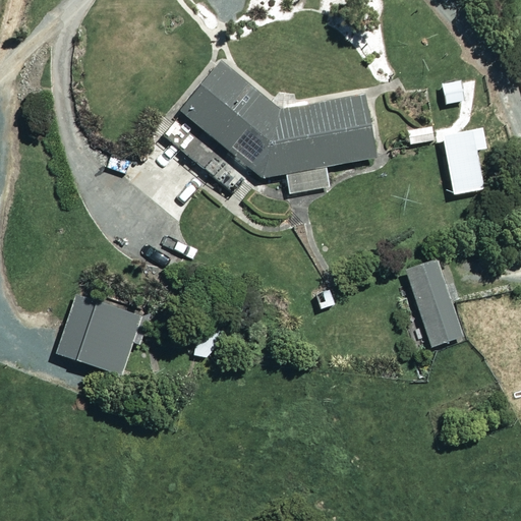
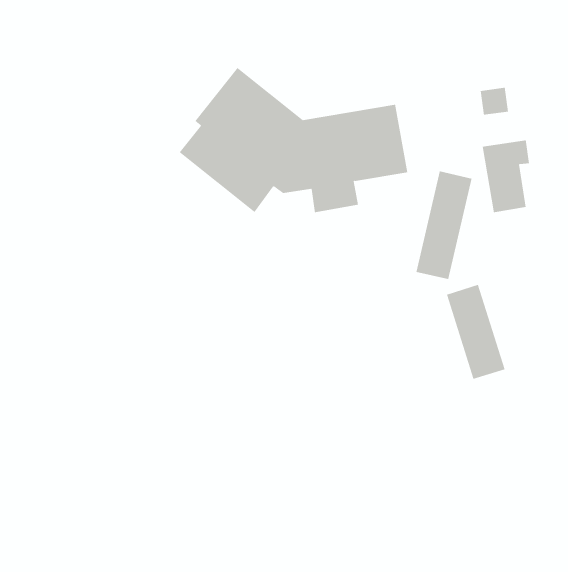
building: none -> [416,171,472,280]
building: [58,296,148,374] -> none

